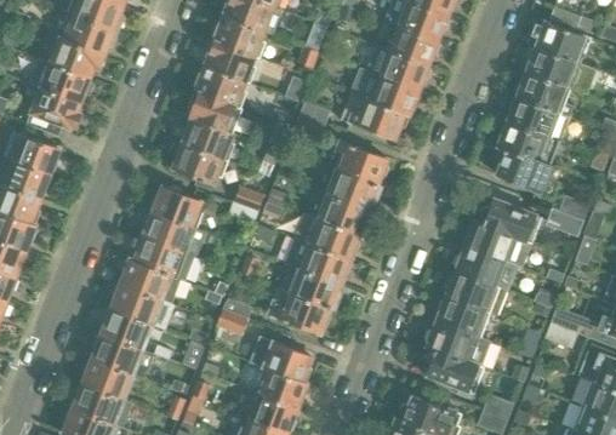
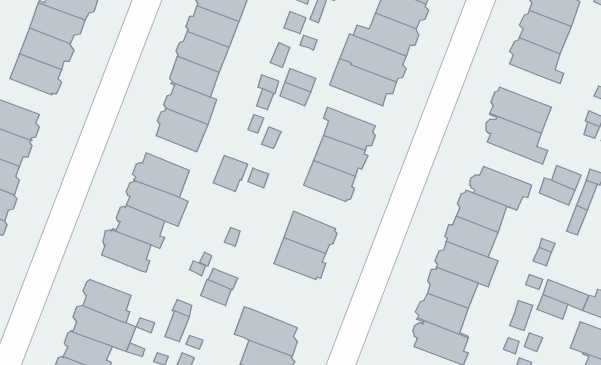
building: [509,98,559,137] -> none
building: [308,217,360,259] -> none
building: [112,285,159,326] -> none
building: [267,288,331,334] -> none

